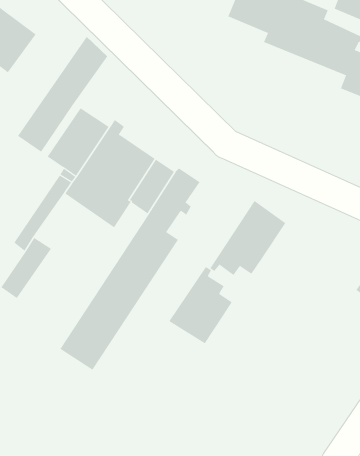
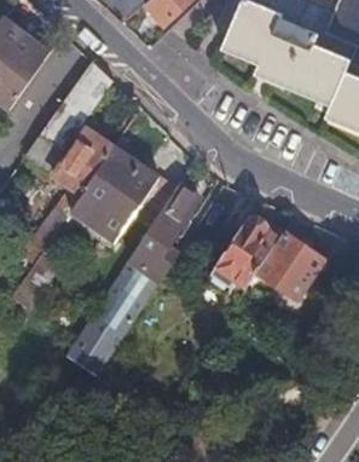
building: none -> [257,229,324,296]
building: [168,266,232,344] -> none

